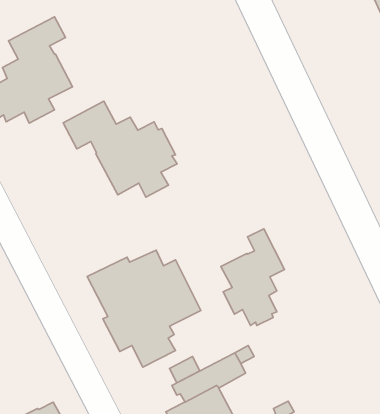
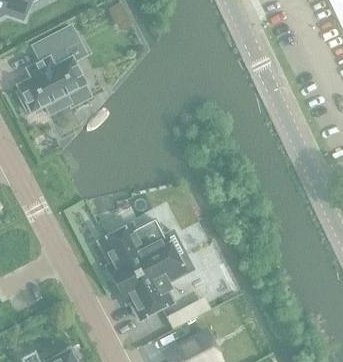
building: [63,101,177,197] -> none
building: [221,229,284,326] -> none

